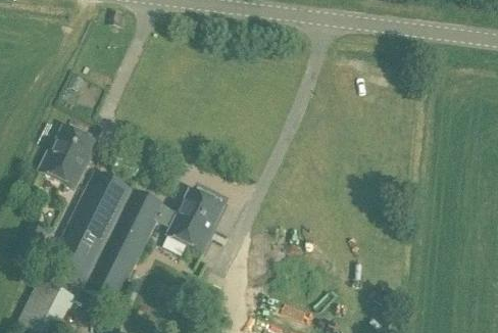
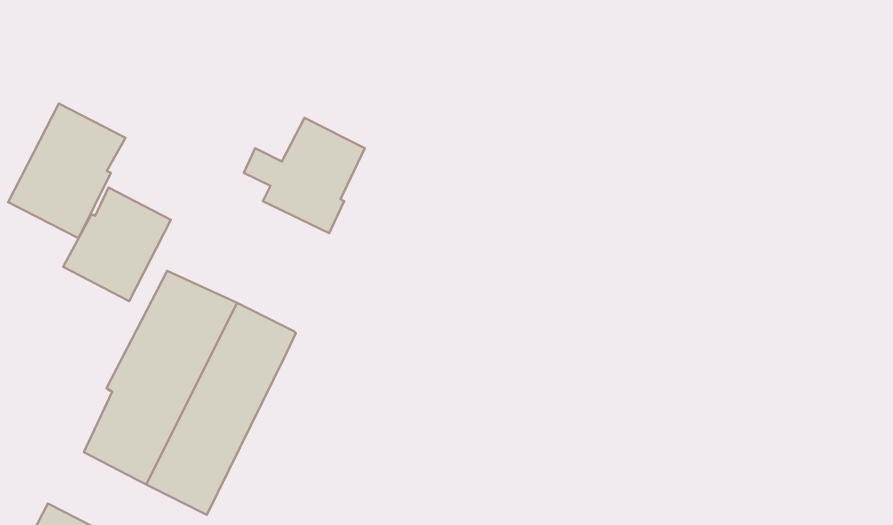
building: none -> [8,104,125,238]
building: [158,187,223,249] -> [244,118,365,233]

